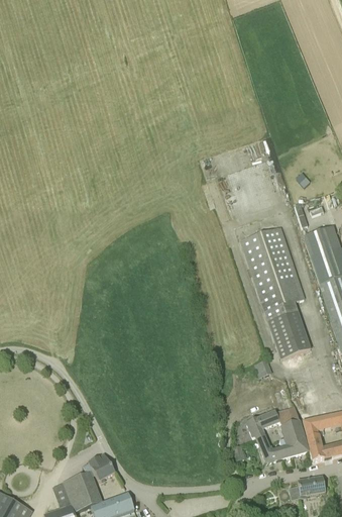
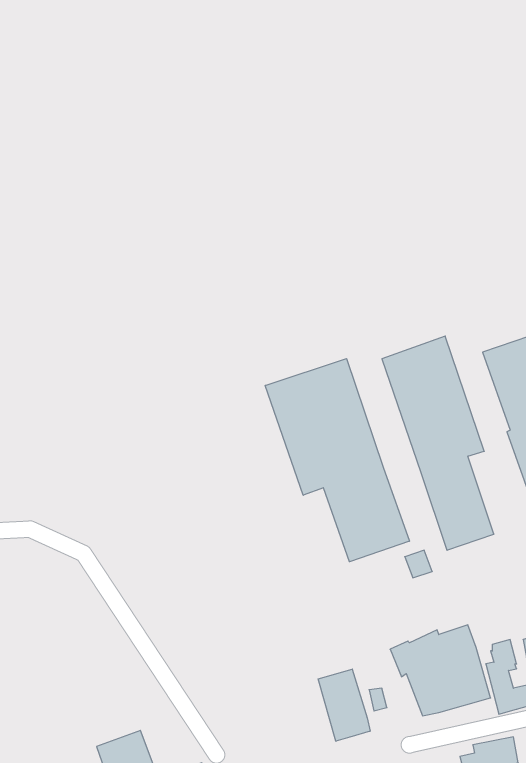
building: none -> [265,359,409,562]
building: none -> [318,669,370,741]
building: [88,453,114,481] -> none

